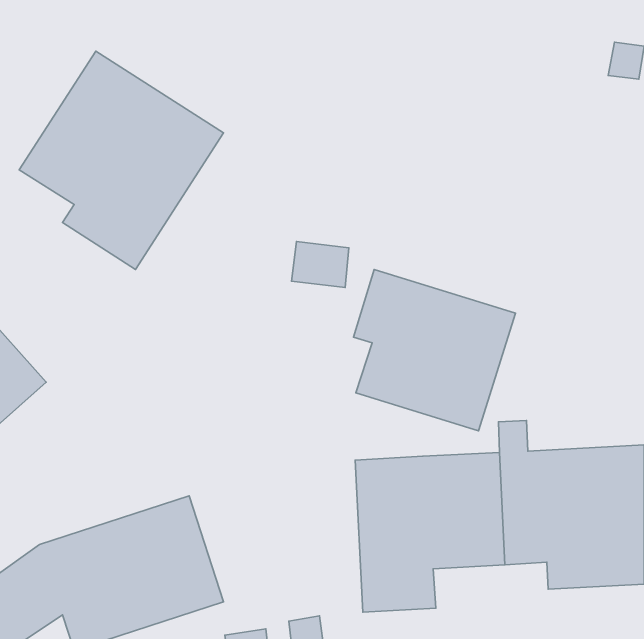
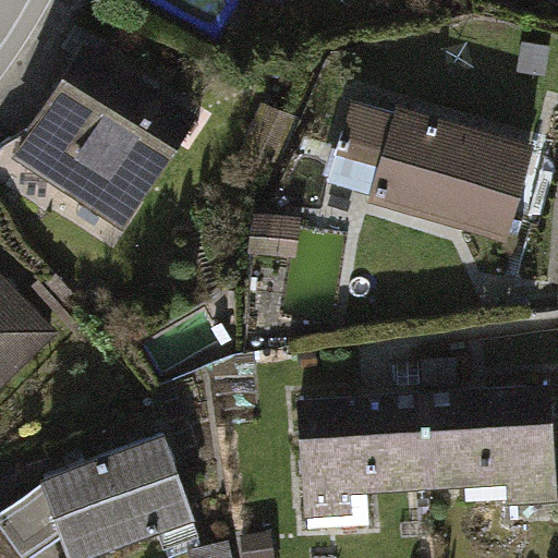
building: none -> [355,94,542,243]
building: [354,270,515,431] -> none

